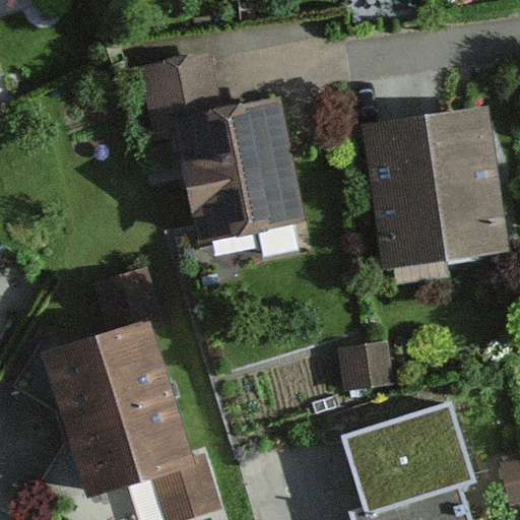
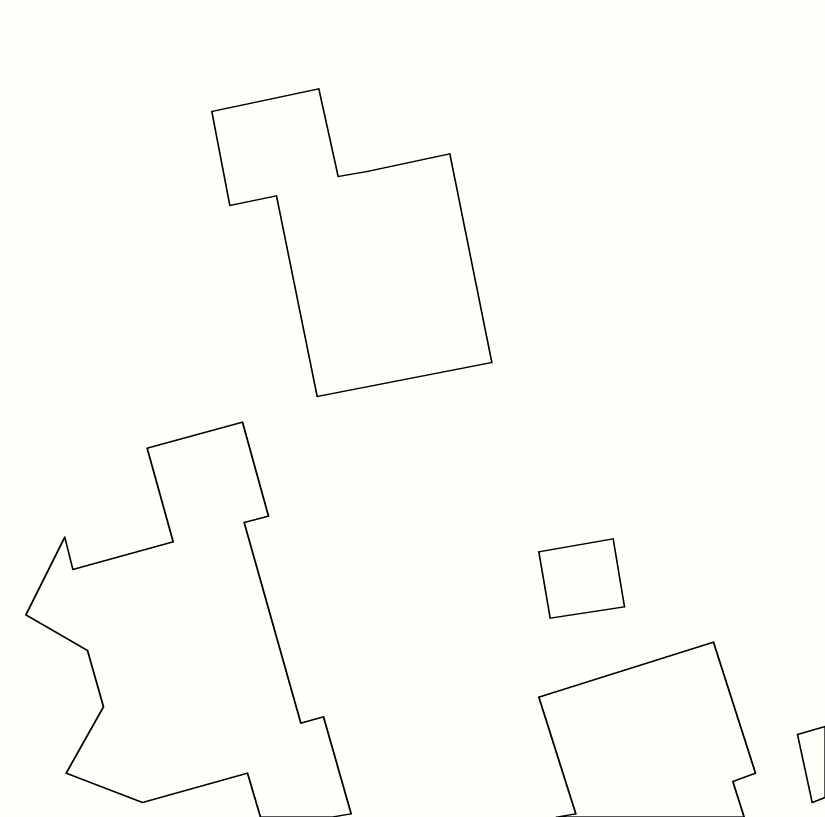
building: [367,110,511,268] -> none

